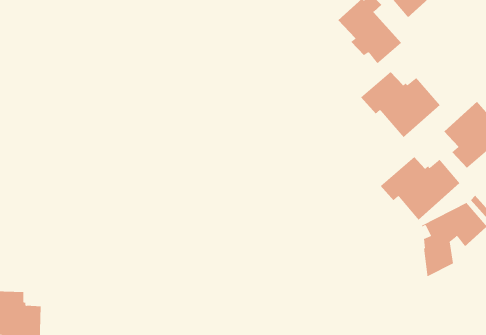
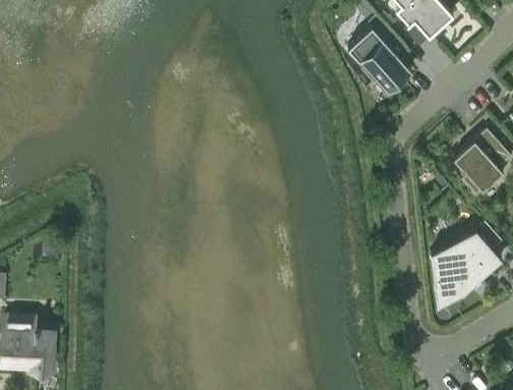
building: [360,71,440,138] -> none
building: [380,156,460,220] -> none

